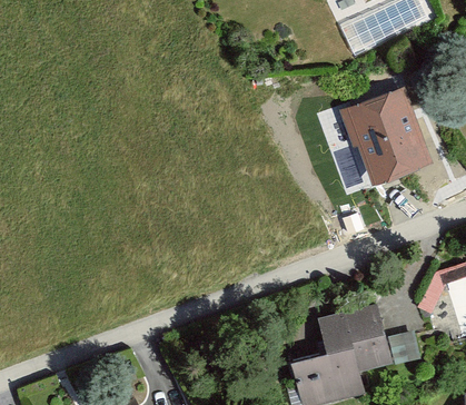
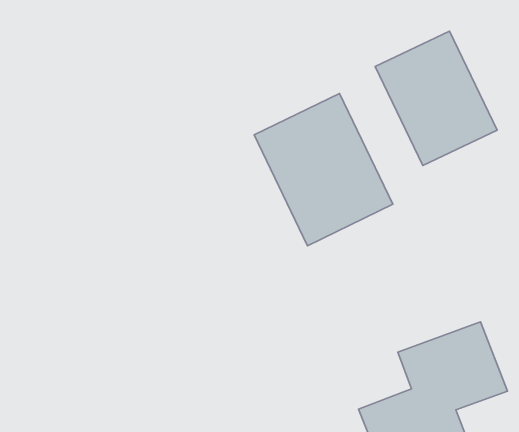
building: none -> [254,93,393,246]

